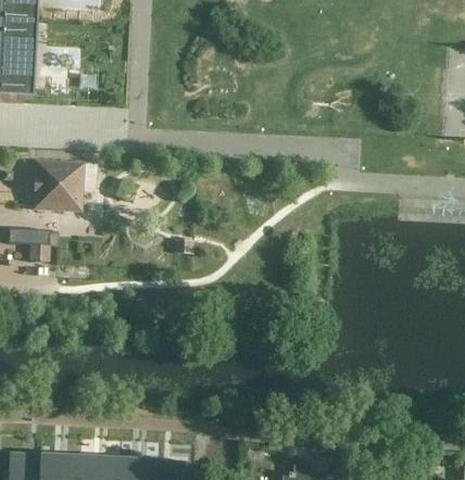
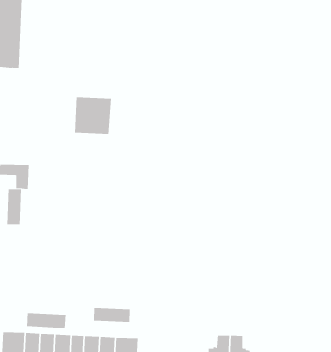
building: [34,161,84,211] -> [74,97,112,134]
building: none -> [7,189,22,225]
building: none -> [93,307,130,323]
building: none -> [26,312,66,329]

